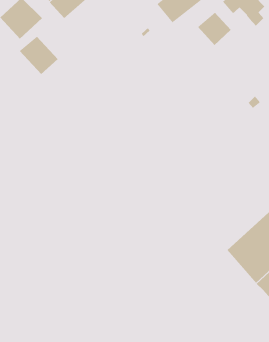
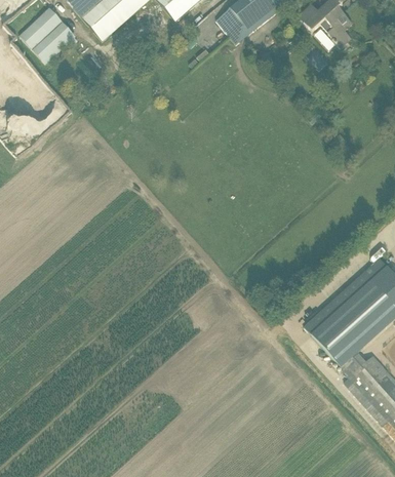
building: [197,12,232,46] -> none
building: [19,36,58,75] -> none

